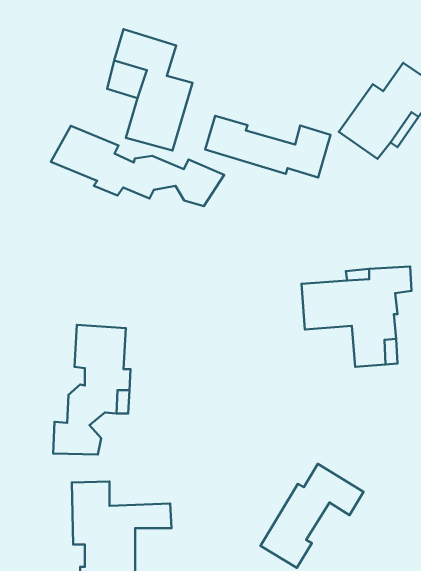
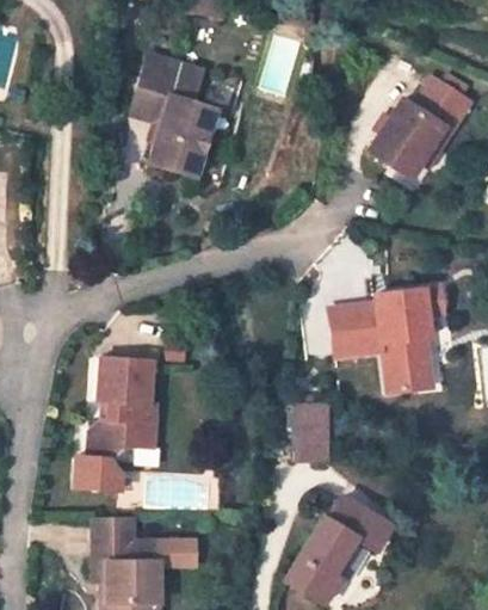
building: [205,116,330,177] -> none
building: [51,126,224,206] -> none
building: none -> [296,393,329,458]

